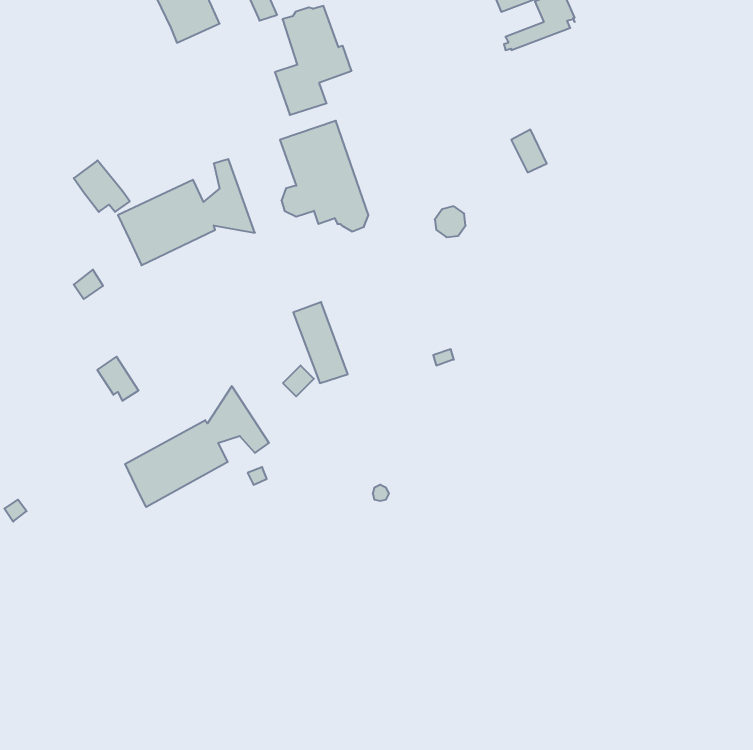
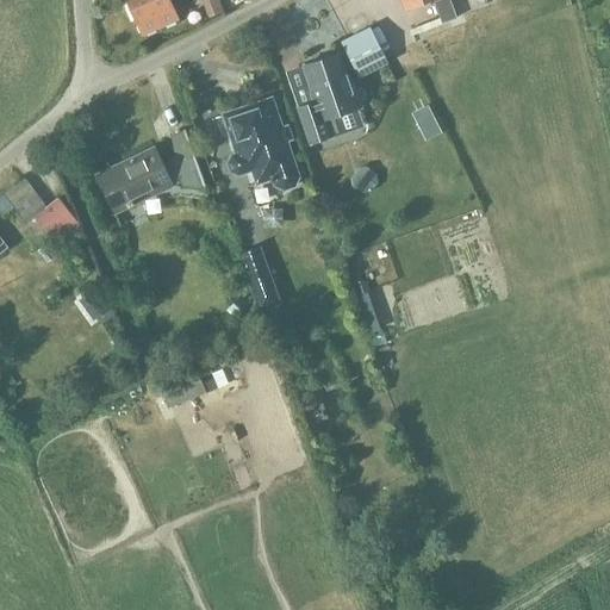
building: [275,6,352,115] -> [298,54,360,142]
building: none -> [341,24,388,76]
building: [74,160,130,212] -> [6,181,51,223]
building: [125,386,269,507] -> none

